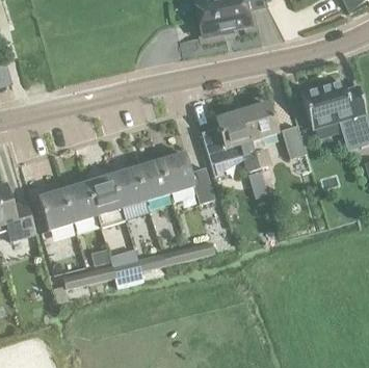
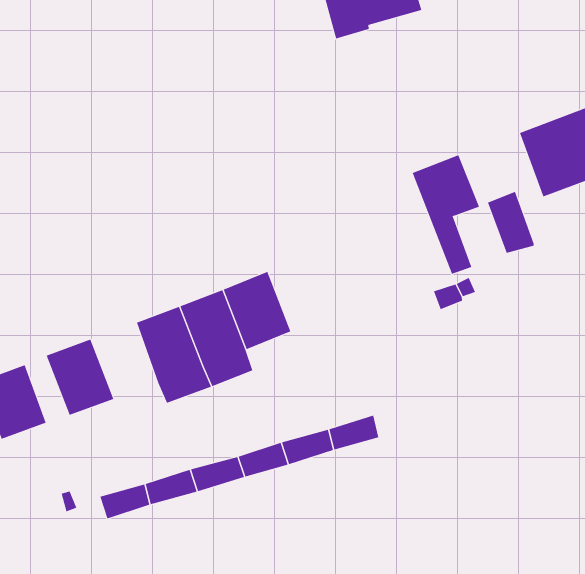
building: [200,111,259,177] -> none
building: [160,152,214,204] -> none
building: [62,182,97,222] -> none

